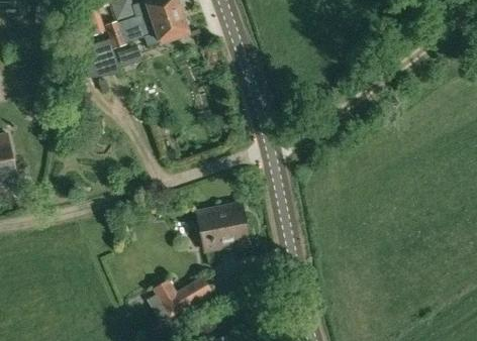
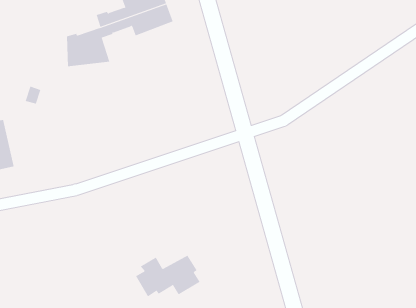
building: [198,204,249,247] -> none

